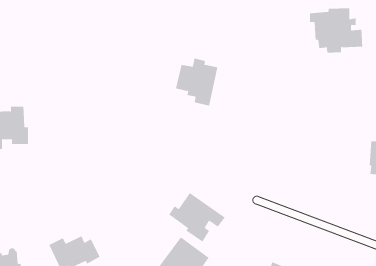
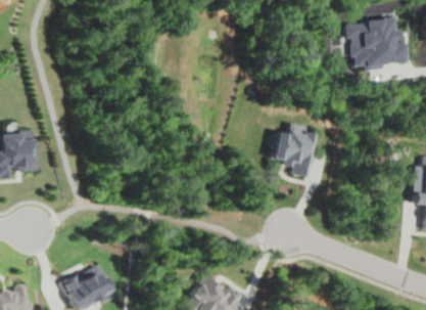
building: [175,58,218,106] -> [271,124,318,177]
building: [168,192,225,242] -> none

